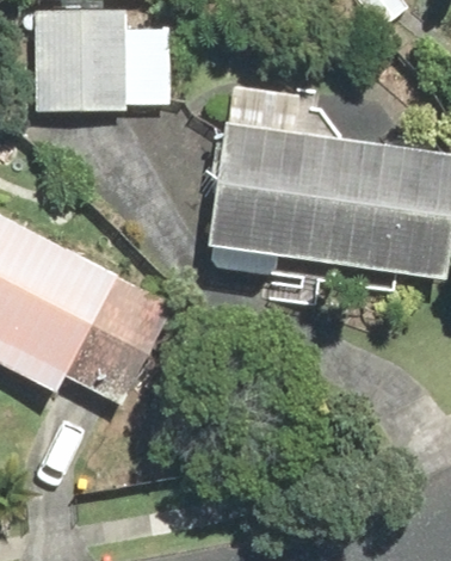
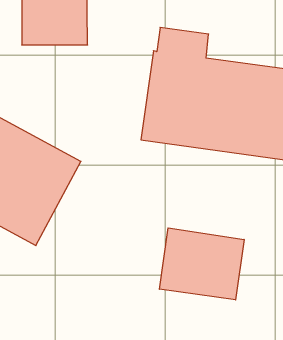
building: none -> [159,228,244,300]

